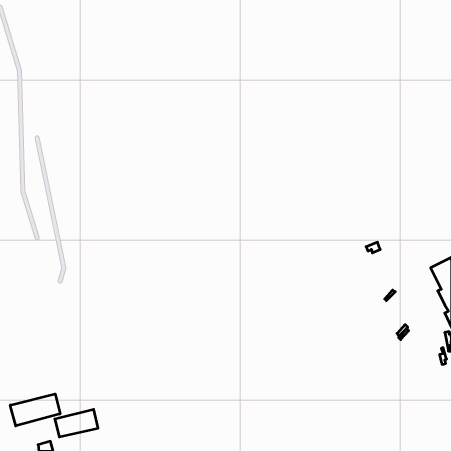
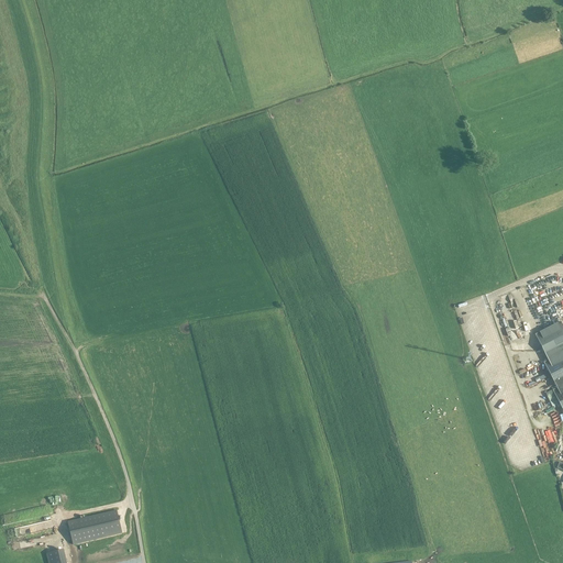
building: [10,394,60,426] -> none

